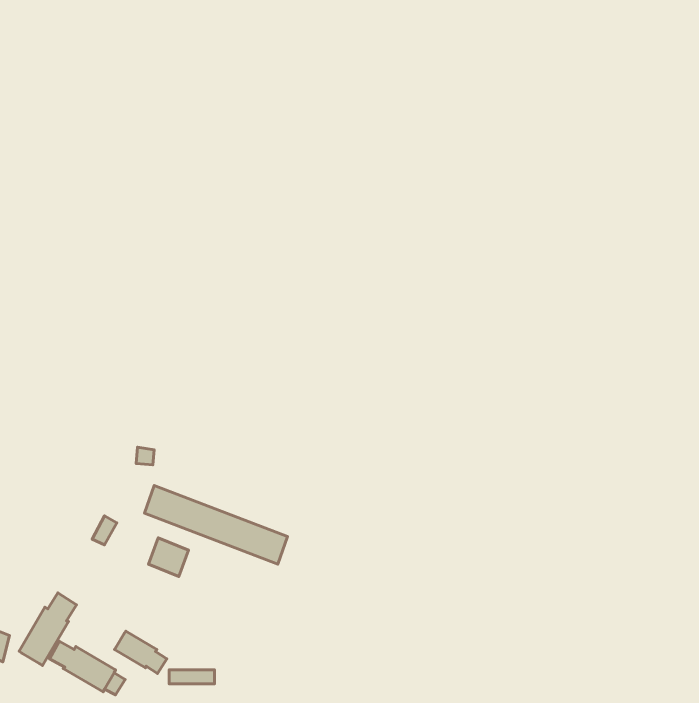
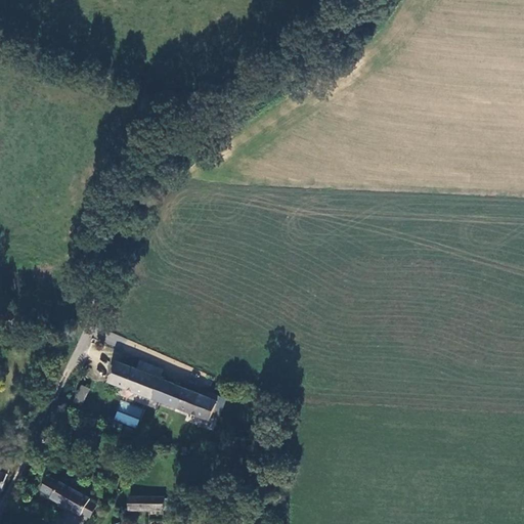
building: [19,593,77,666] -> none
building: [114,631,167,674] -> none

